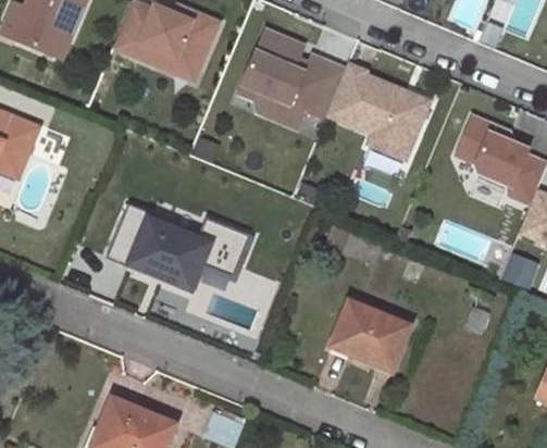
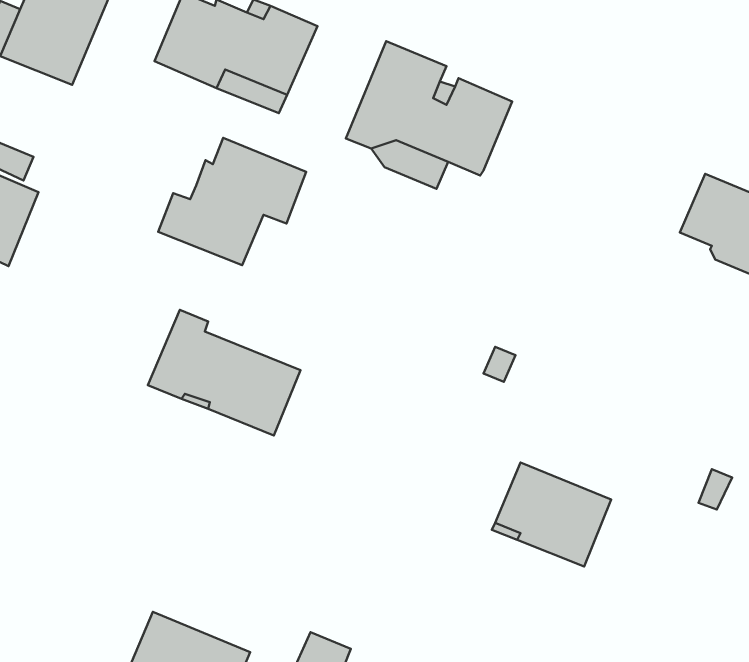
building: [327,64,426,160] -> none
building: none -> [158,138,306,265]

